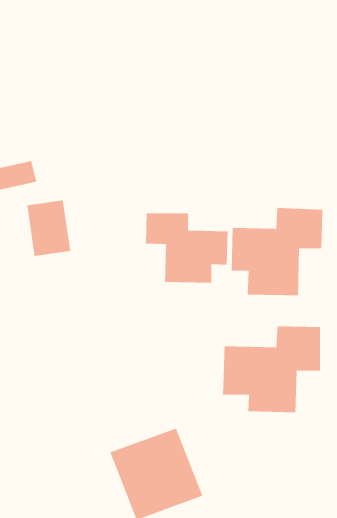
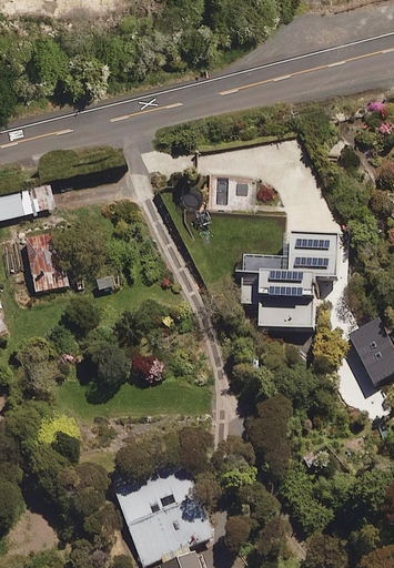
building: [145,213,228,284] -> none
building: [223,326,321,413] -> none

